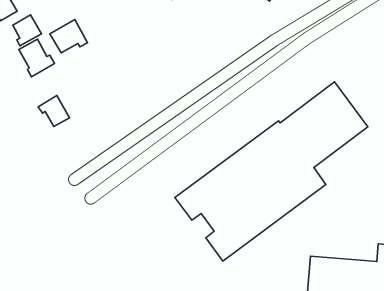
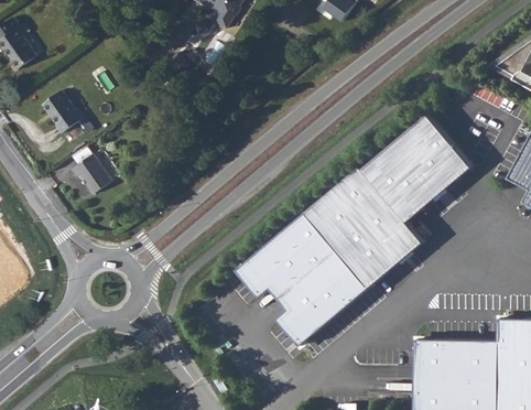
building: [13,15,41,46] -> none
building: [50,19,88,53] -> none

